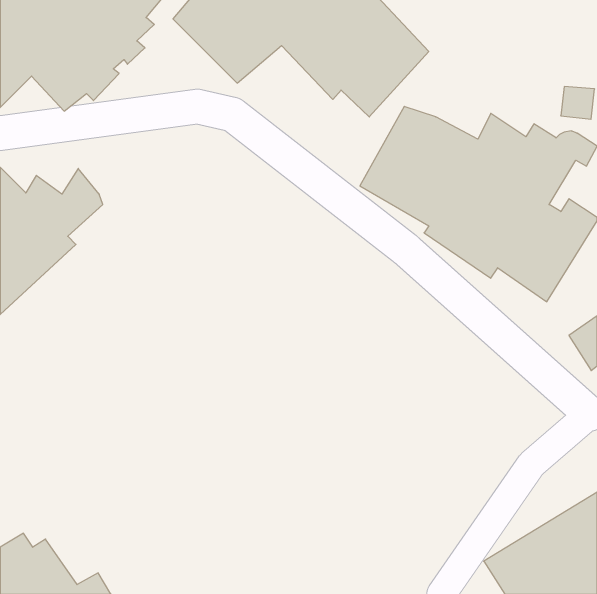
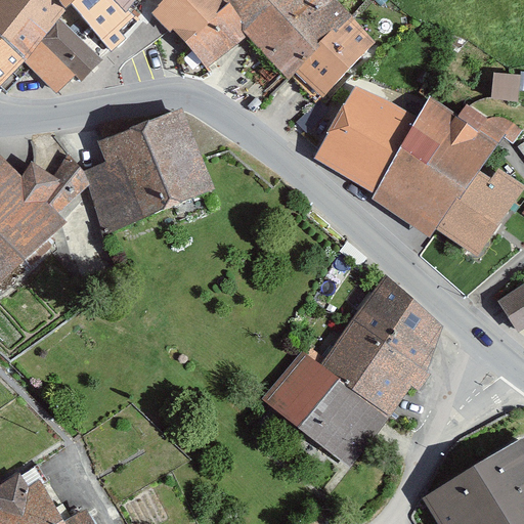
building: none -> [87,112,209,225]
building: none -> [261,269,443,463]

